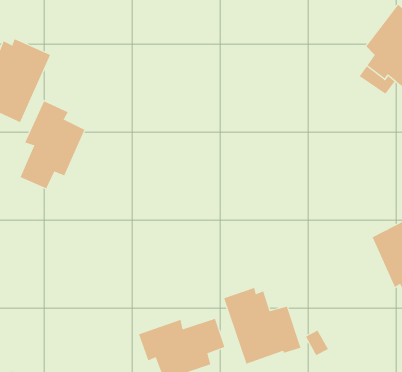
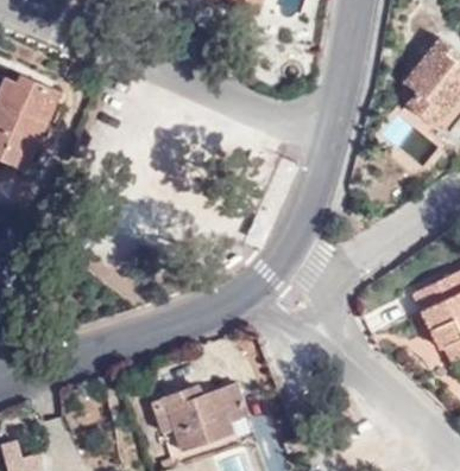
building: [20,100,85,189] -> none
building: [223,287,301,364] -> none

